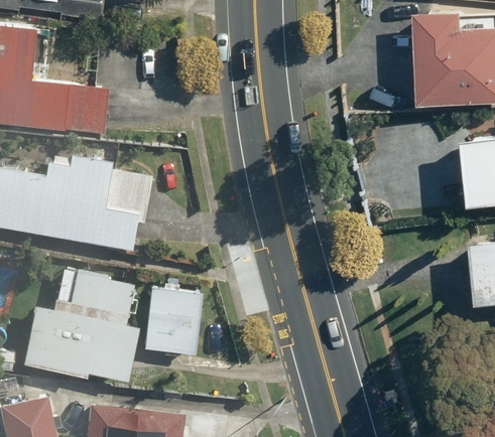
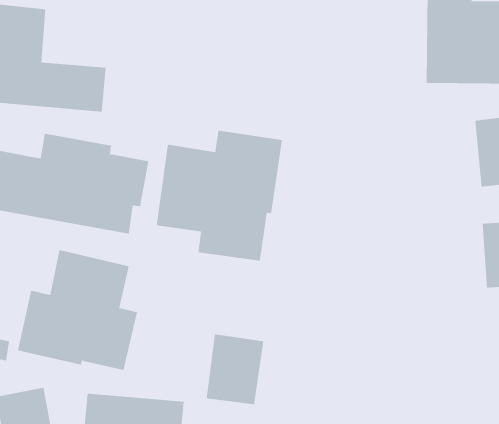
building: none -> [156,130,283,261]
building: [141,287,198,355] -> [206,334,264,405]

